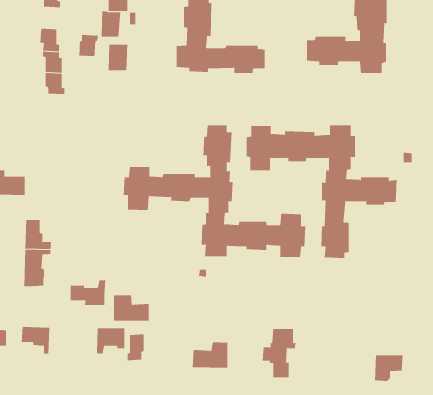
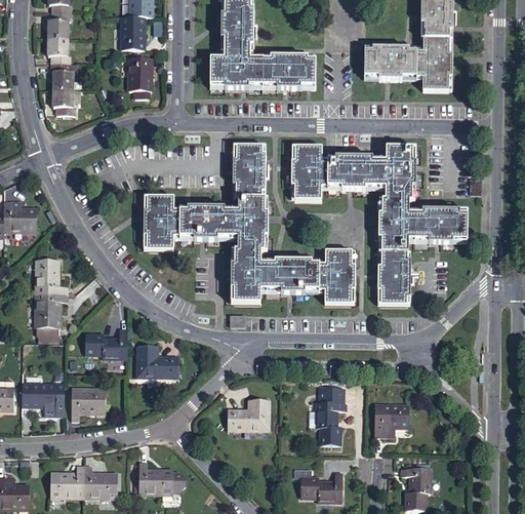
building: [78,34,99,57] -> [50,12,74,38]
building: [96,328,125,354] -> [71,389,105,420]
building: [127,333,144,361] -> none
building: [374,355,403,381] -> [375,405,409,436]

